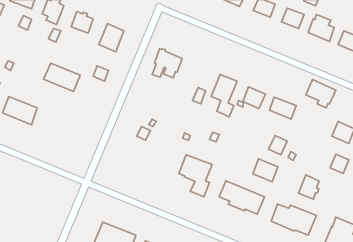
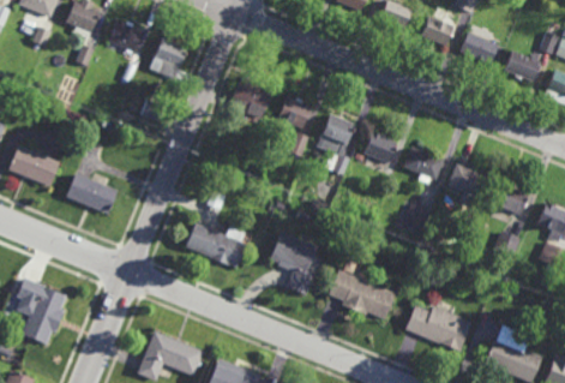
building: none -> [277,95,311,127]
building: [44,63,80,91] -> [65,173,119,215]
building: [306,80,336,108] -> [447,162,492,204]
building: none -> [186,223,246,268]
building: [253,159,278,182] -> none
building: [299,175,319,199] -> none
building: none -> [17,277,66,345]

